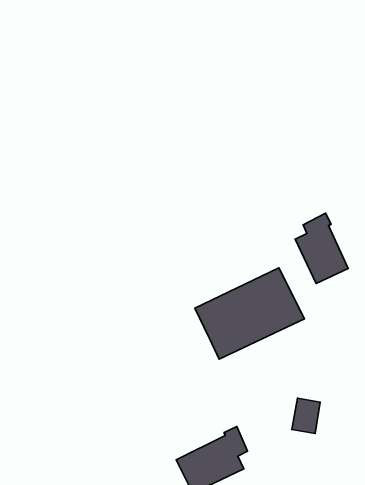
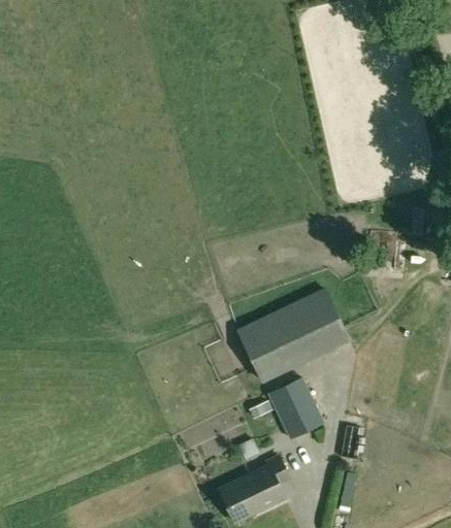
building: [295,213,348,283] -> none
building: none -> [267,376,325,439]

